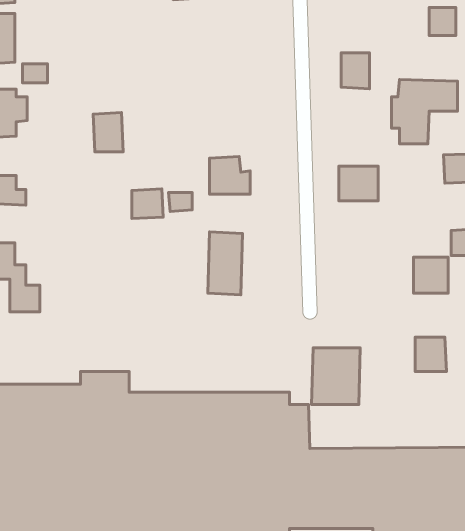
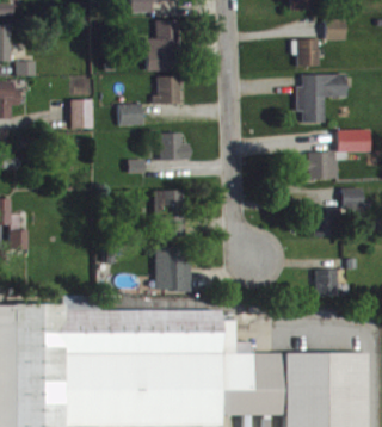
building: none -> [148,19,181,70]
building: [341,53,369,89] -> [298,38,320,66]
building: none -> [156,75,183,104]
building: [339,166,378,201] -> [309,151,339,178]
building: [132,189,163,219] -> [121,103,144,125]
building: [312,348,360,404] -> [156,246,193,289]

